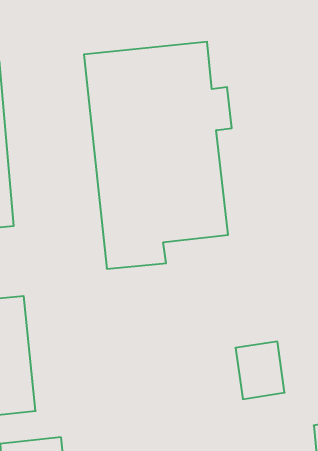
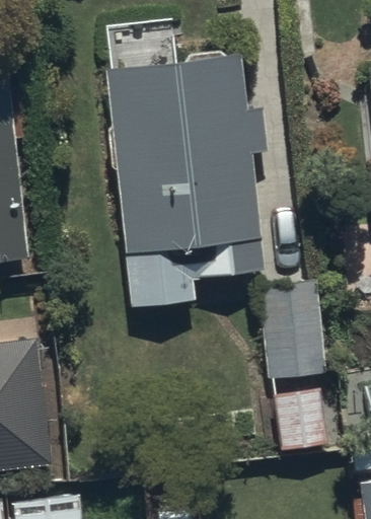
building: none -> [258,279,326,377]

